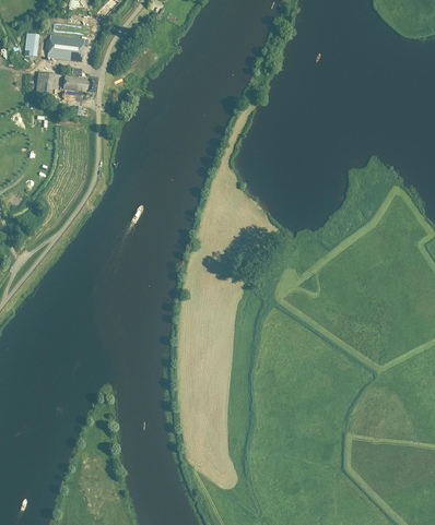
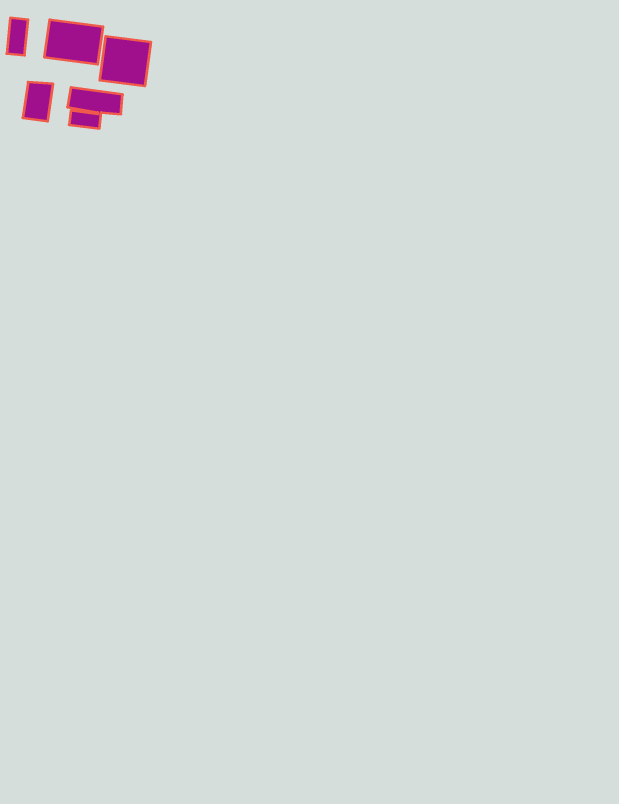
building: none -> [100,36,151,86]

